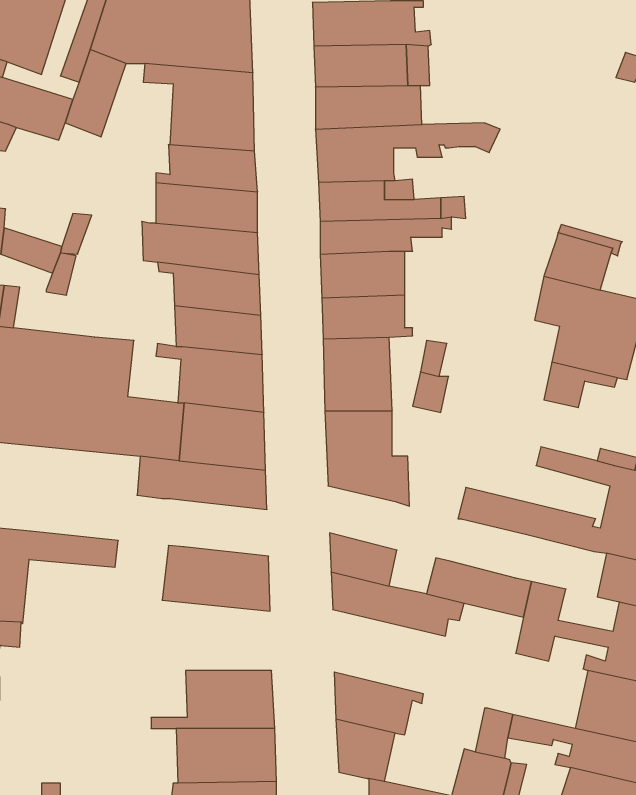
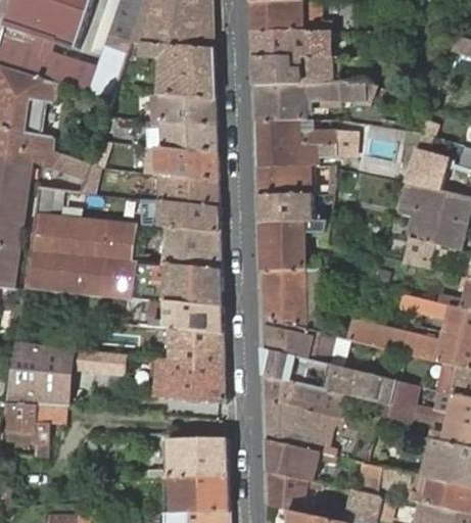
building: none -> [263,318,349,367]
building: none -> [159,326,224,364]
building: none -> [266,398,342,455]

